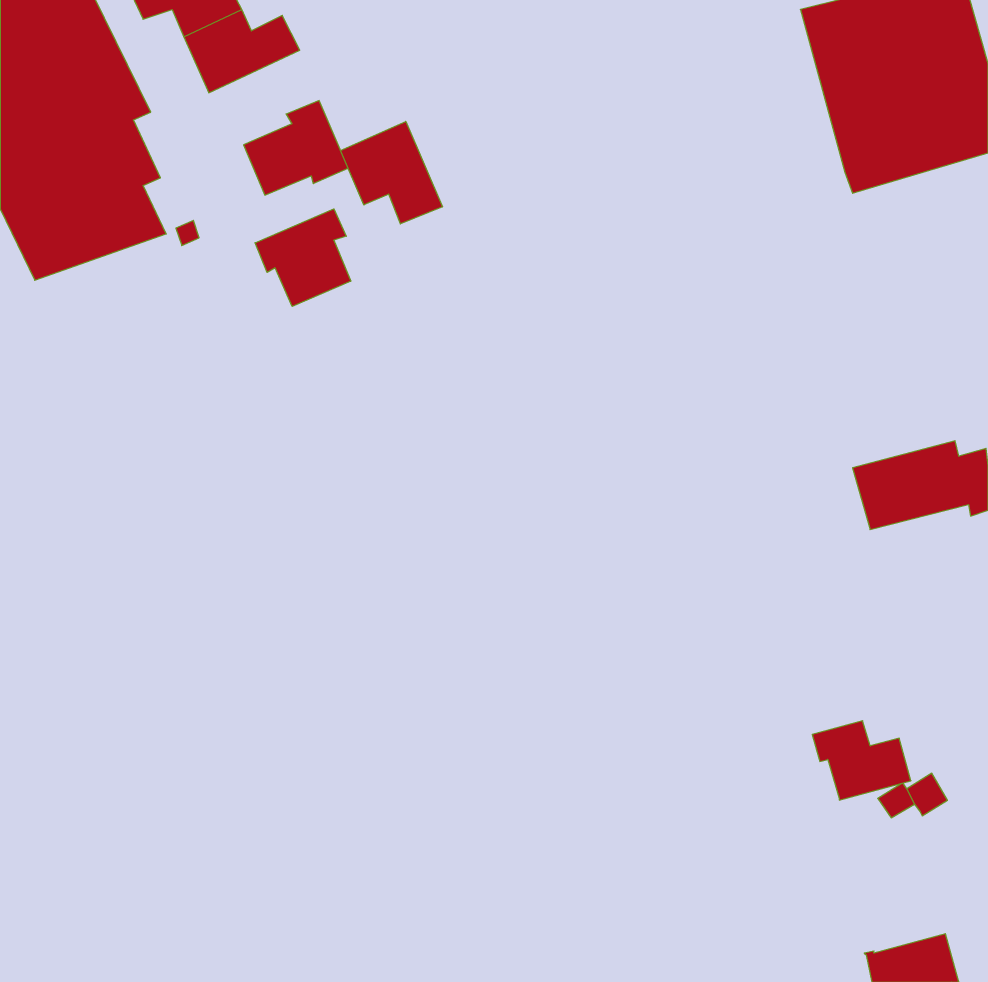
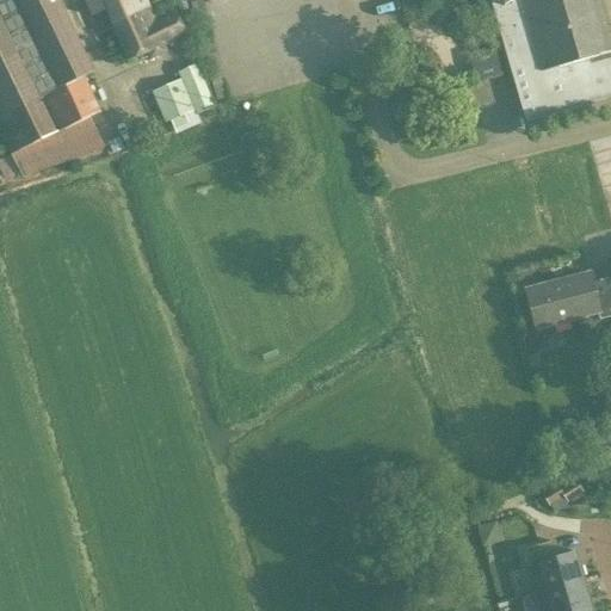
building: [340,121,442,224] -> none
building: [255,209,351,306] -> none
building: [812,721,911,800] -> [523,539,584,588]

